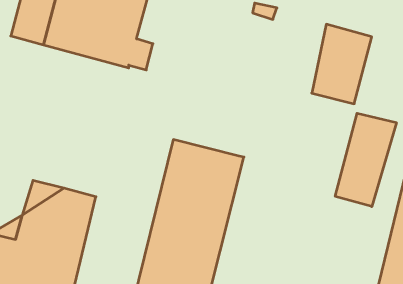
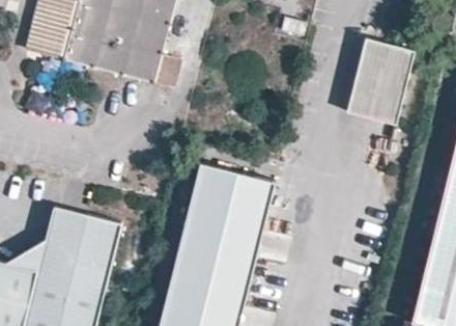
building: [335,113,396,207] -> none

